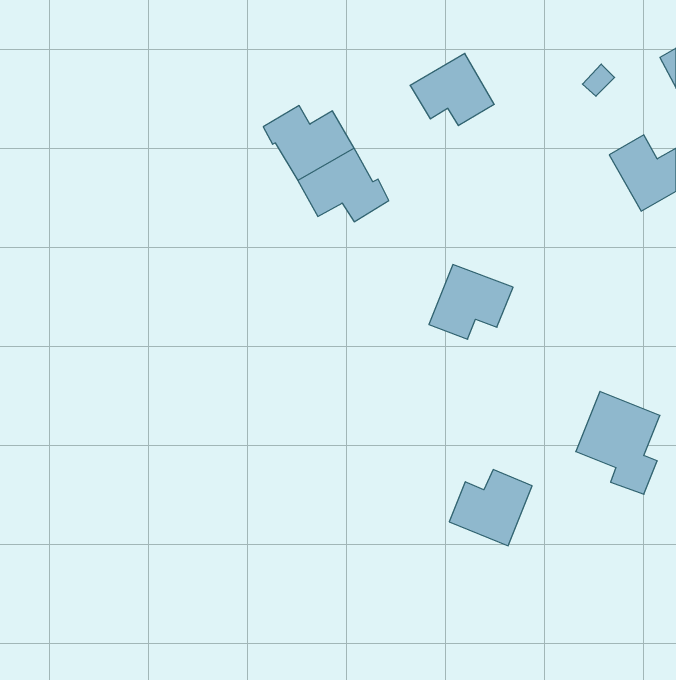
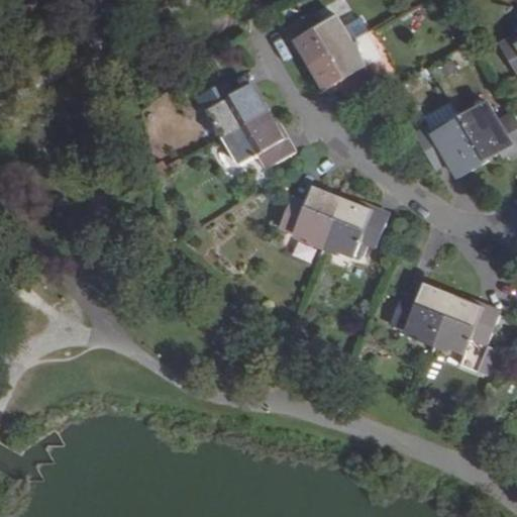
building: none -> [284,12,351,65]
building: none -> [414,117,485,177]
building: none -> [280,187,342,245]
building: [449,470,532,546] -> [391,284,453,341]

